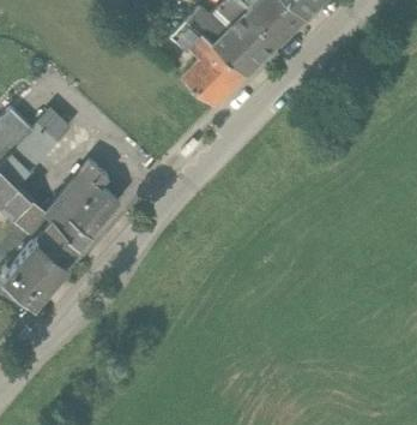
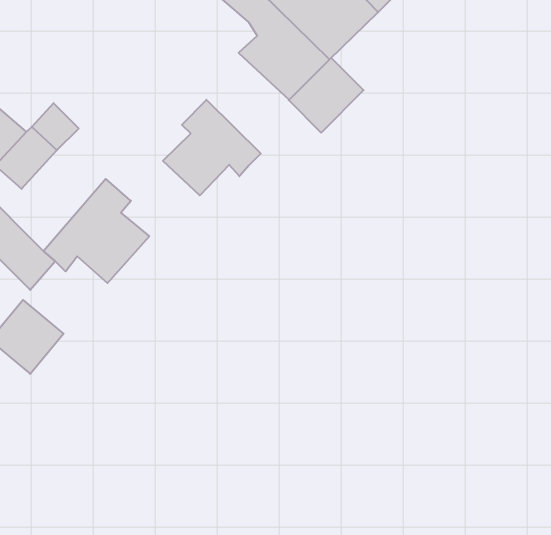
building: none -> [289,58,364,133]
building: none -> [163,100,261,195]
building: [30,219,90,274] -> none

